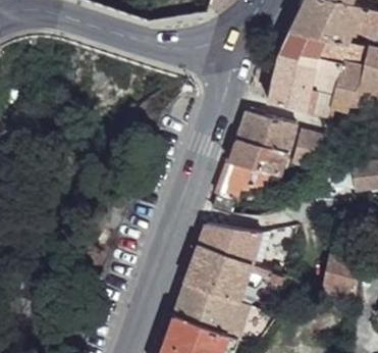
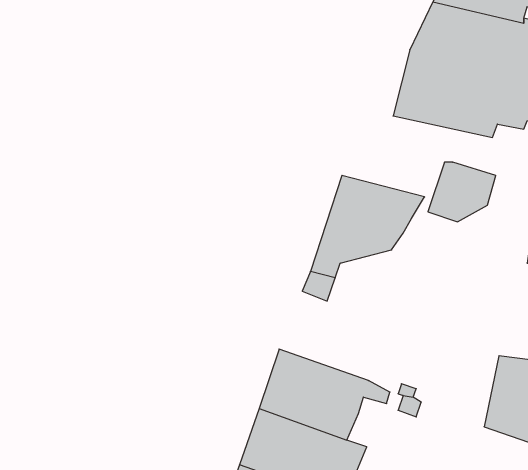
building: [235,107,299,149] -> none
building: [197,223,263,262] -> none

